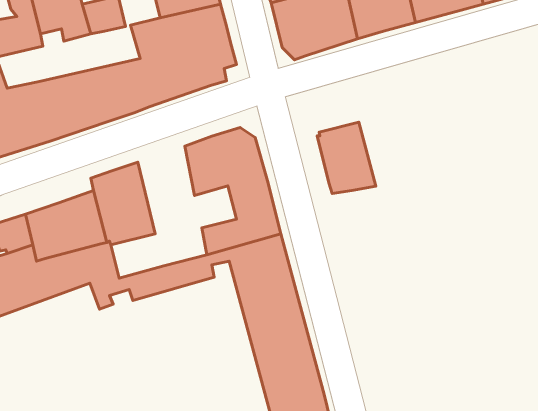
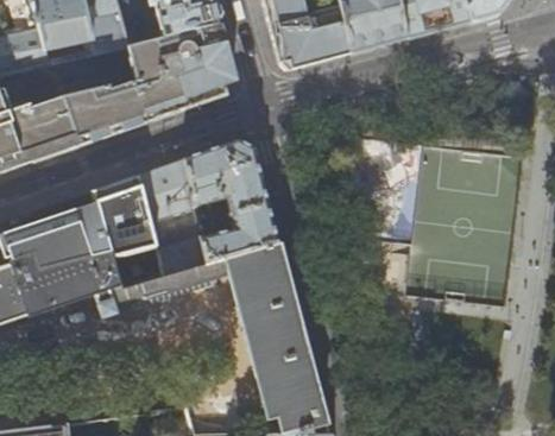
building: [317,122,376,194] -> none
building: none -> [141,157,208,272]

